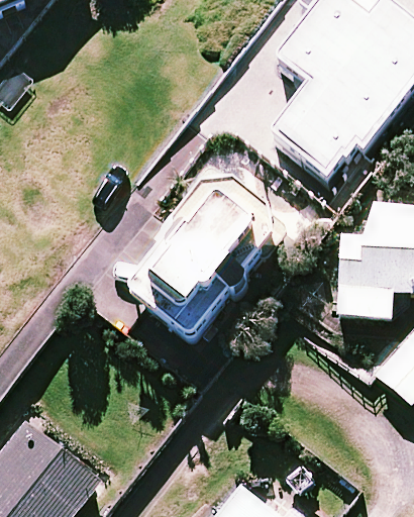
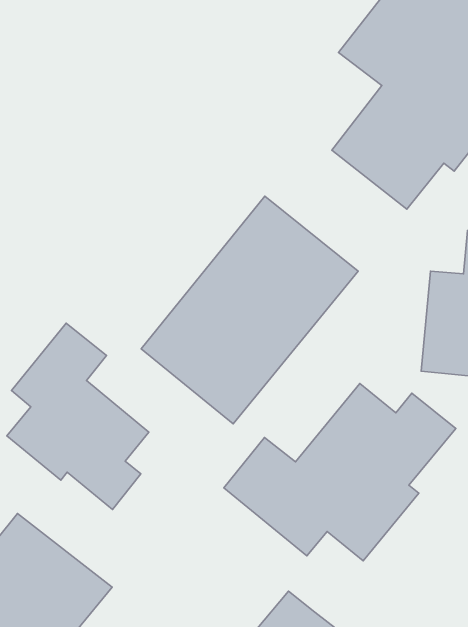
building: none -> [7,323,149,510]
building: none -> [224,383,456,561]

